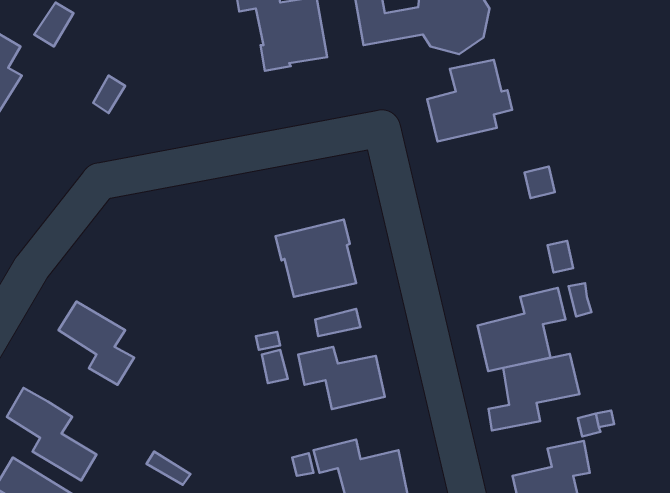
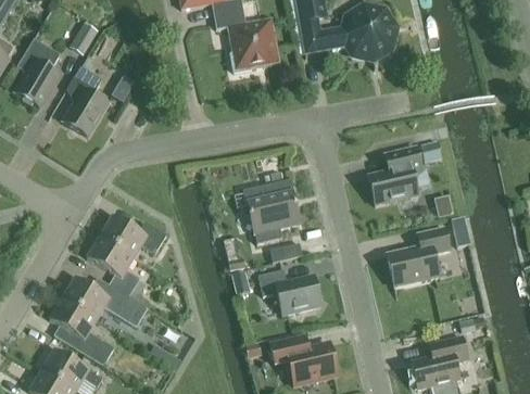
building: [427,60,512,142] -> [368,147,429,205]
building: none -> [63,67,109,137]
building: none -> [100,215,166,257]
building: [488,354,580,430] -> none
building: none -> [62,277,148,327]

